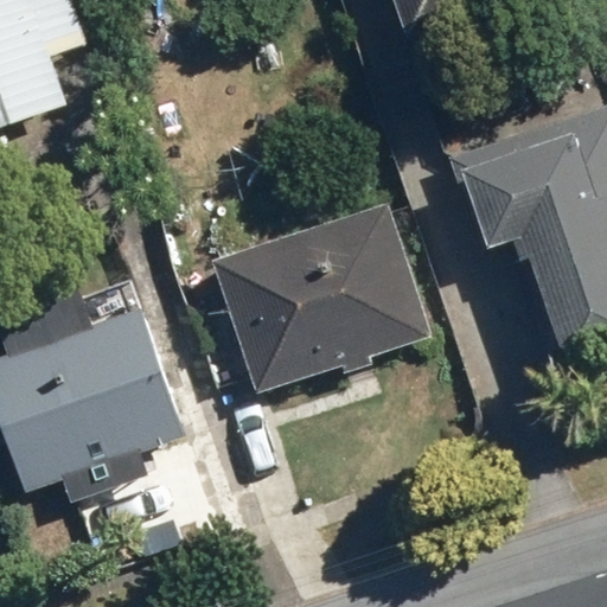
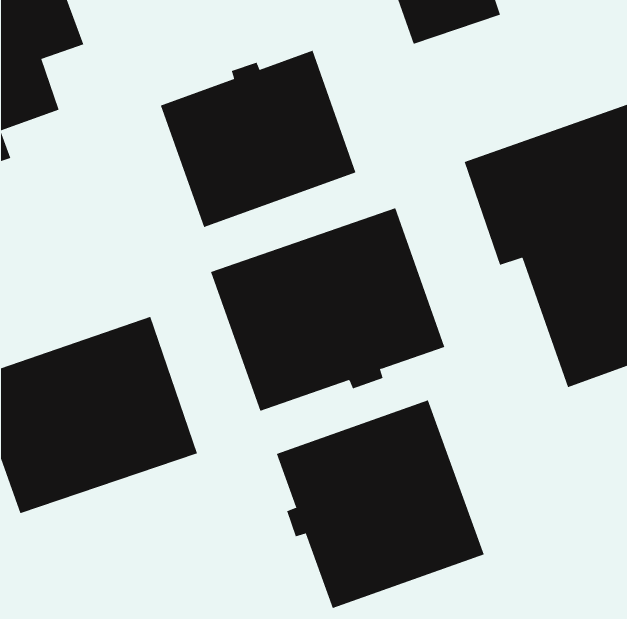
building: none -> [160,50,356,228]
building: none -> [276,400,485,609]

